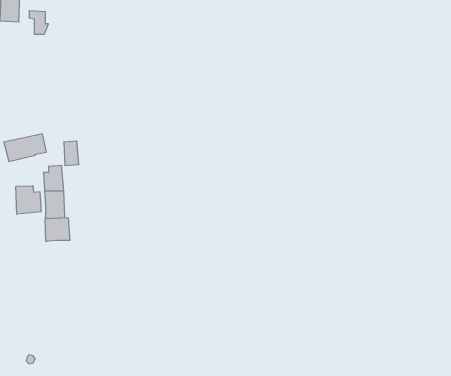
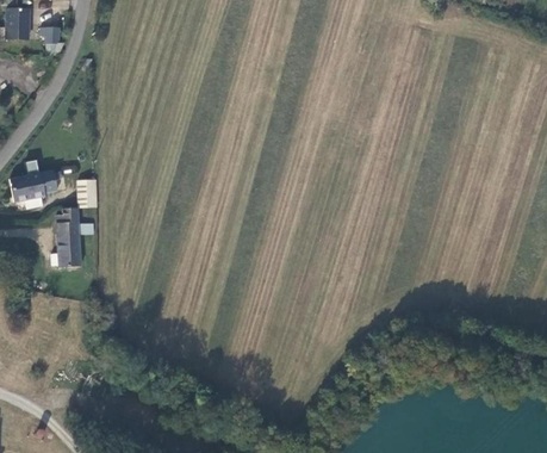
building: [16,186,41,214] -> none
building: [45,218,70,241] -> none

